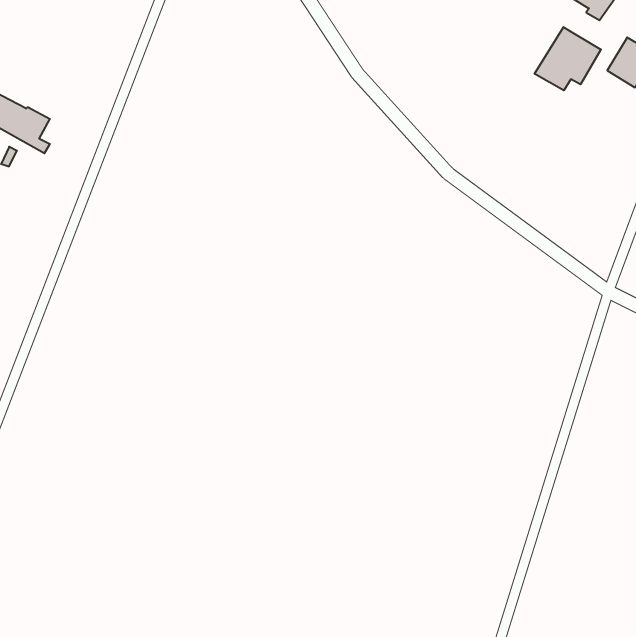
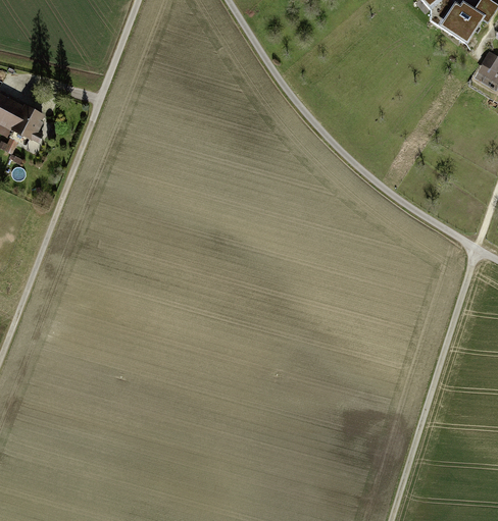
building: [535,27,601,90] -> none

